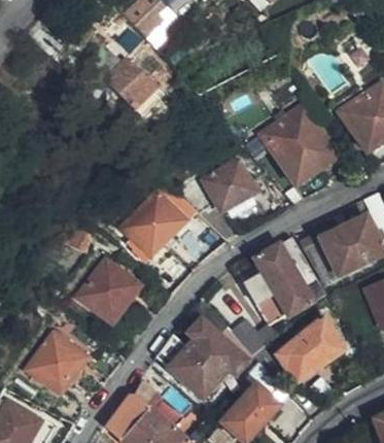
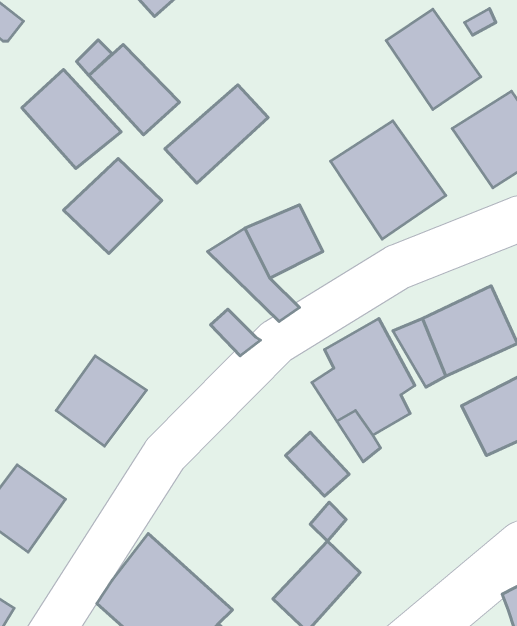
building: none -> [386,9,481,110]
building: none -> [22,70,121,168]
building: none -> [165,85,268,183]
building: [120,191,185,253] -> [63,159,162,254]
building: [155,296,246,397] -> none
building: [278,318,342,381] -> none

